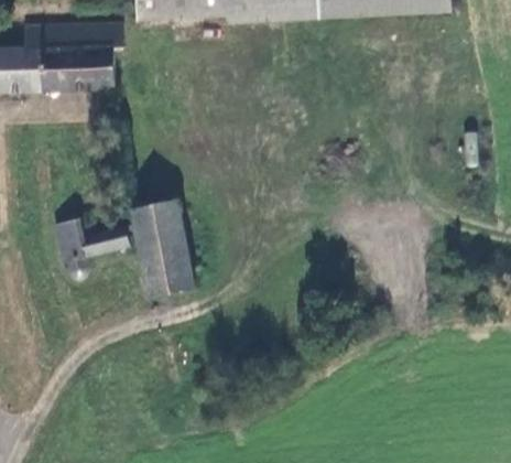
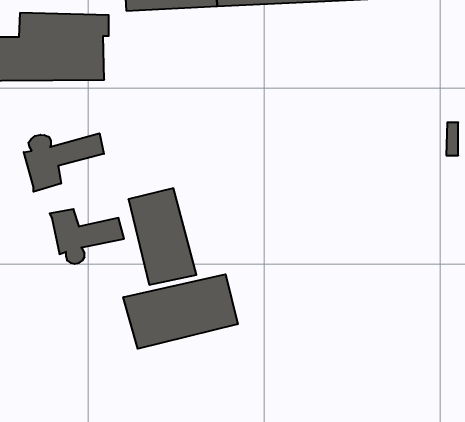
building: none -> [24,133,104,192]
building: none -> [123,274,238,349]

